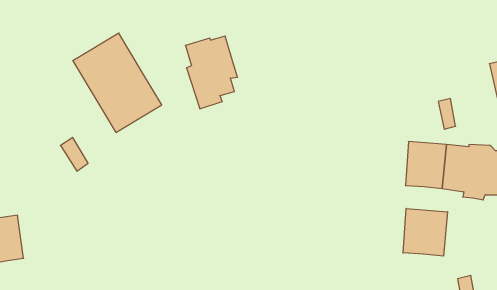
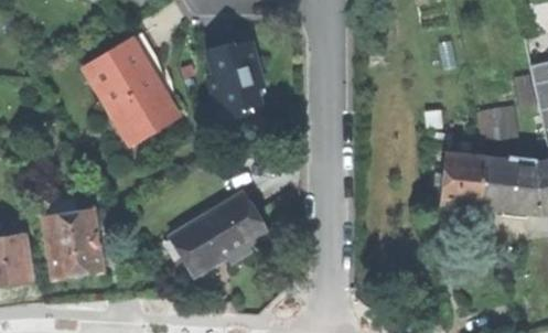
building: none -> [162,191,267,281]
building: none -> [43,197,101,277]
building: [403,208,448,256] -> none

